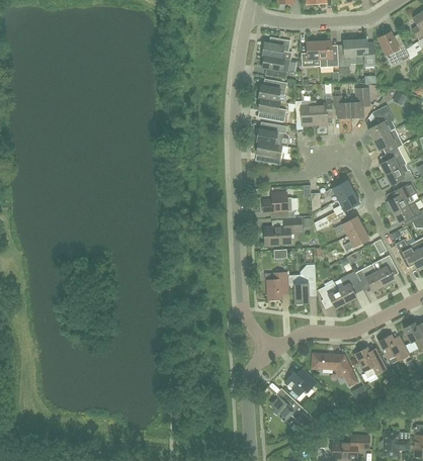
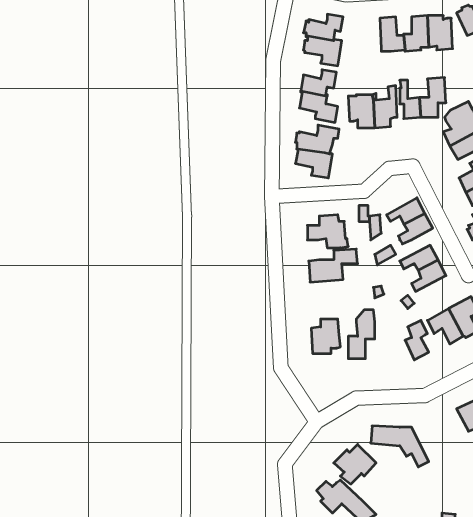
building: [301,41,320,66] -> none
building: [318,281,345,308] -> none
building: [354,347,386,378] -> none

